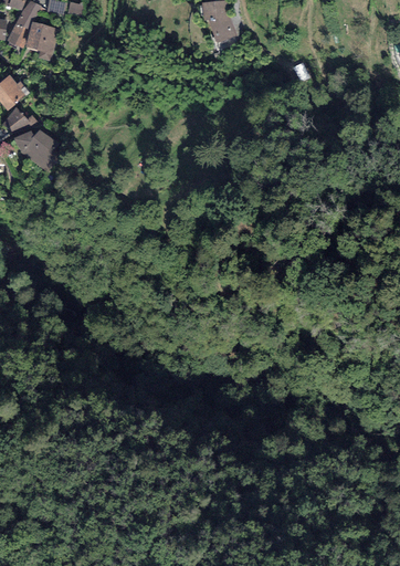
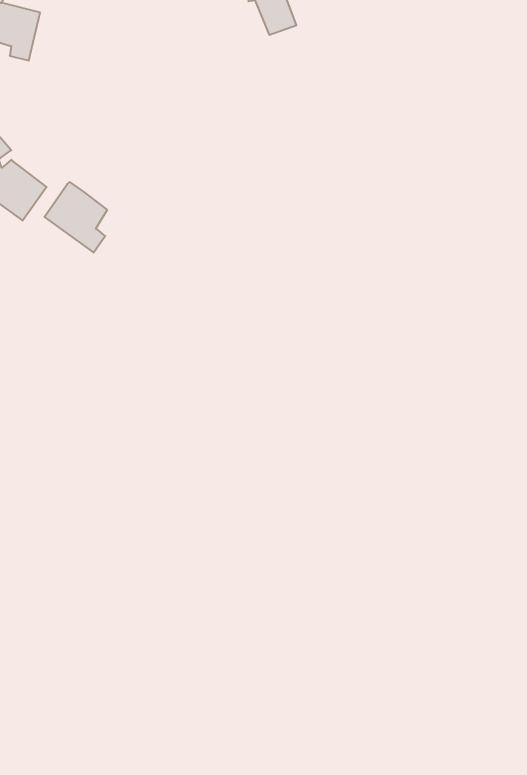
building: none -> [44,182,107,253]

